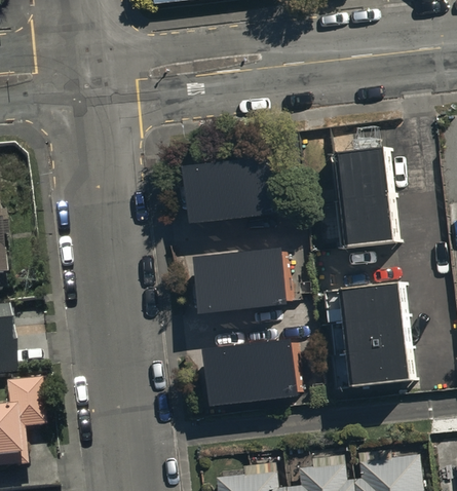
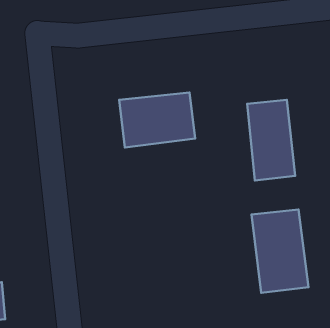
building: [194,242,289,309] -> none
building: [205,334,299,402] -> none

